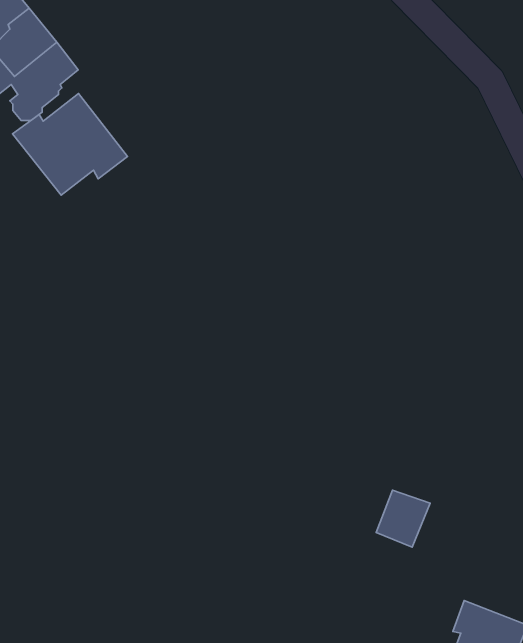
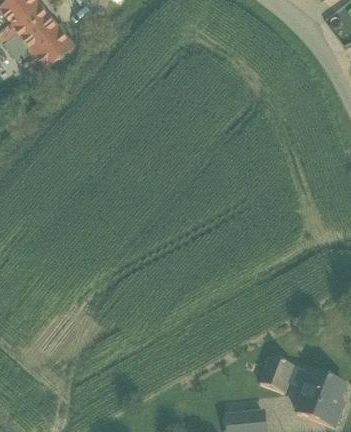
building: [13,93,128,195] -> none
building: [376,490,430,547] -> [261,355,294,390]

